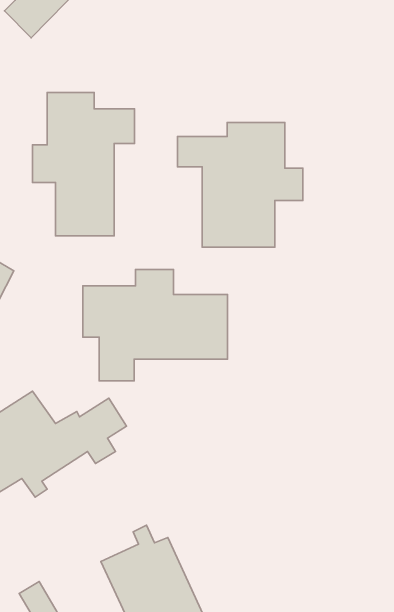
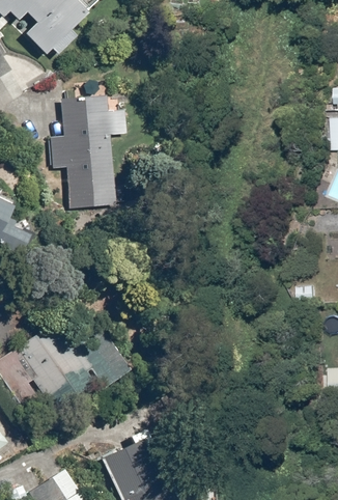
building: [178,123,303,247] -> none
building: [83,270,227,381] -> none

